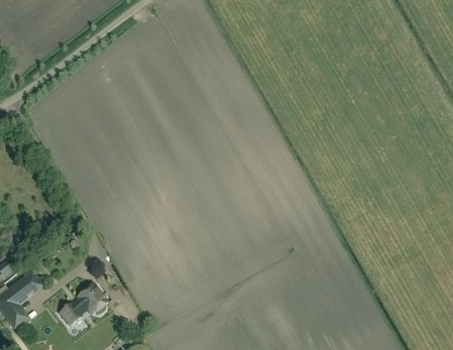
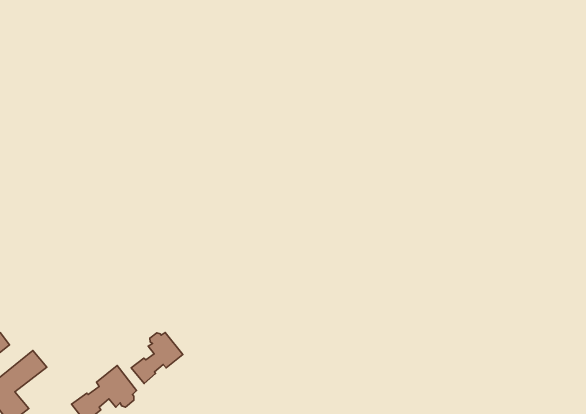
building: none -> [131,333,183,383]

